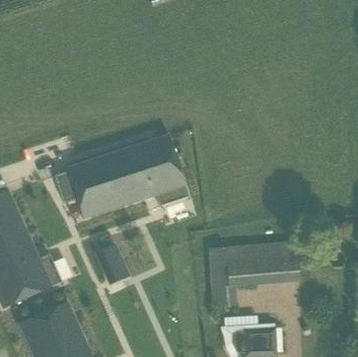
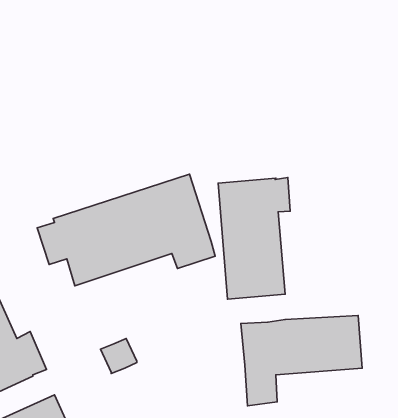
building: none -> [218,178,290,299]

